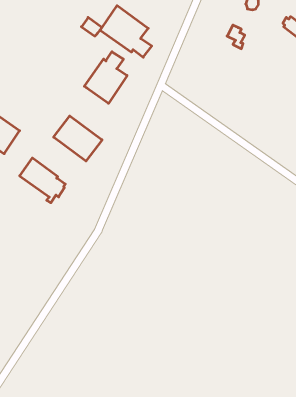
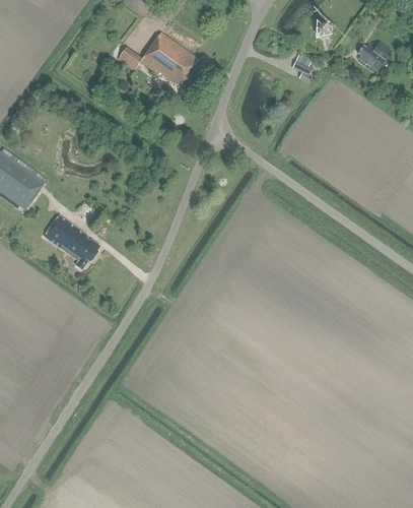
building: [84,52,127,103] -> none
building: [54,116,102,161] -> none

